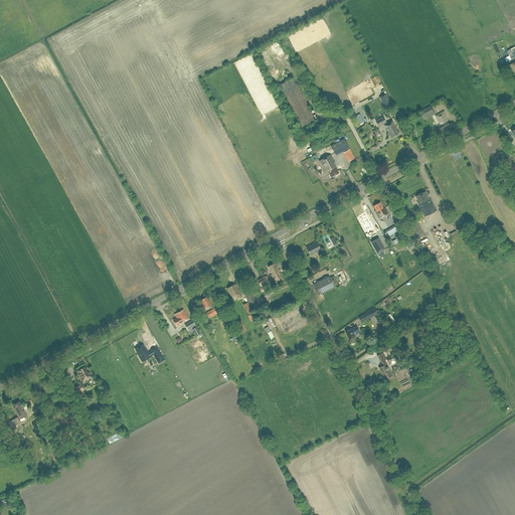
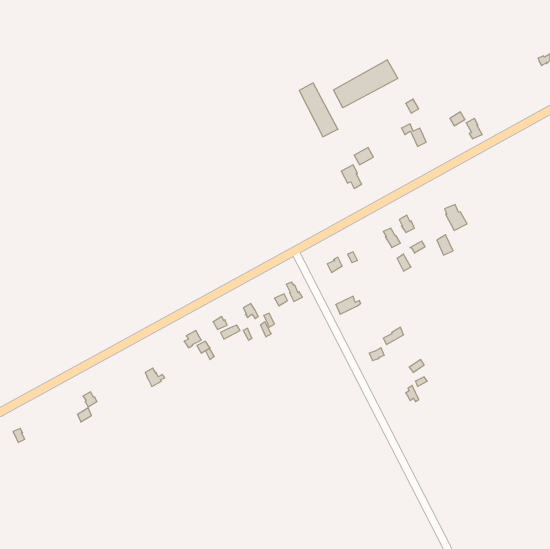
building: none -> [333,60,398,108]

